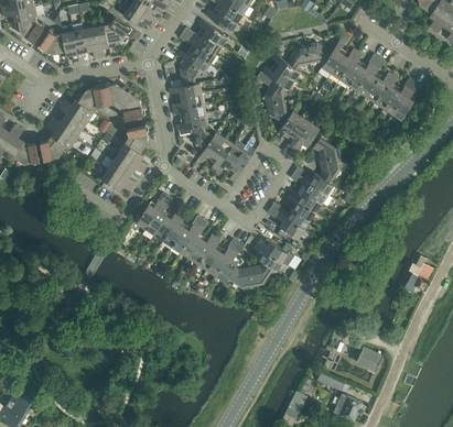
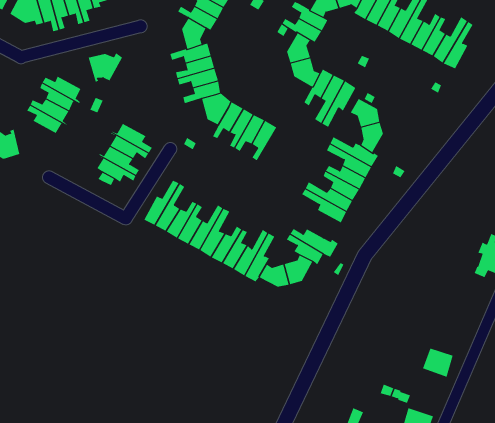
building: [74,87,105,112] -> none
building: [117,89,142,120] -> none
building: [123,127,148,155] -> none
building: [39,135,69,161] -> none

